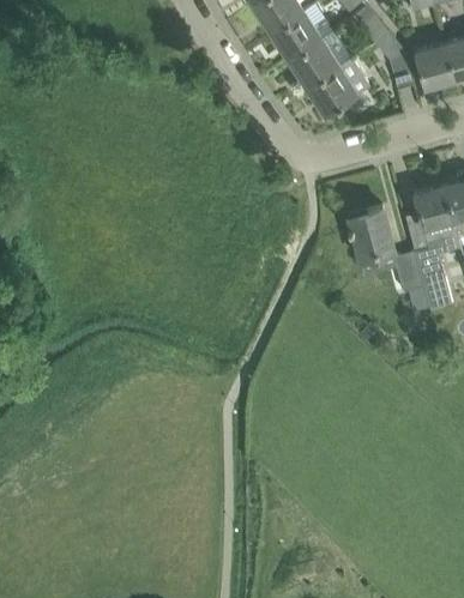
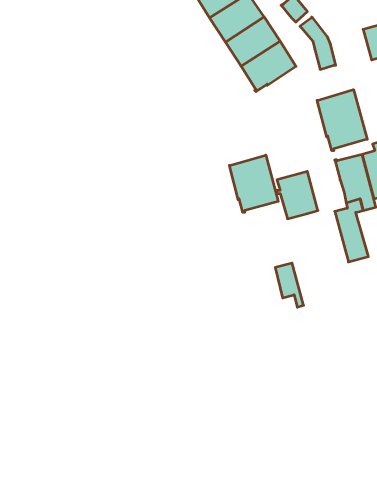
building: [415,46,456,89] -> none
building: none -> [317,90,367,151]
building: none -> [229,155,278,212]
building: [394,253,427,303] -> [275,263,304,307]

